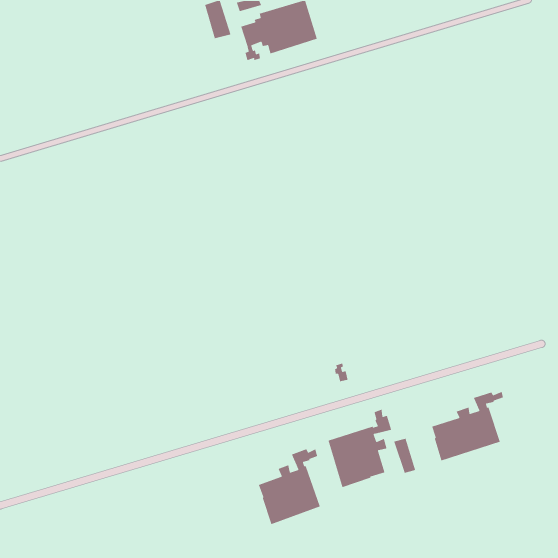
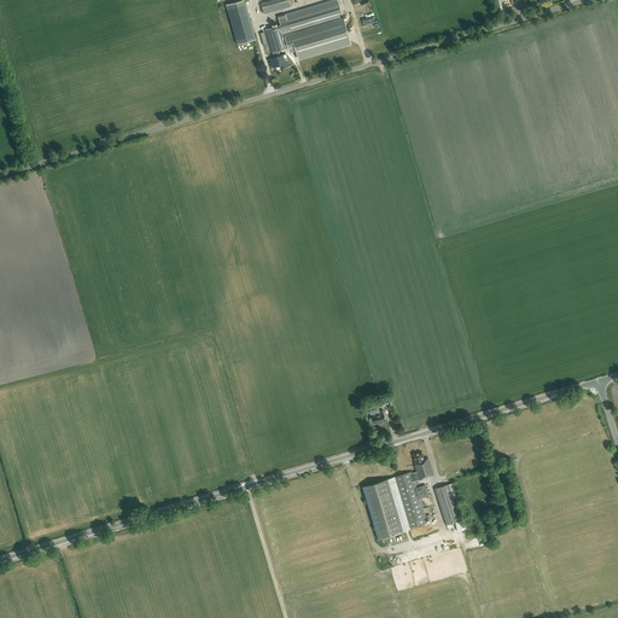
building: [431,391,504,461] -> none
building: [258,448,321,525] -> none

